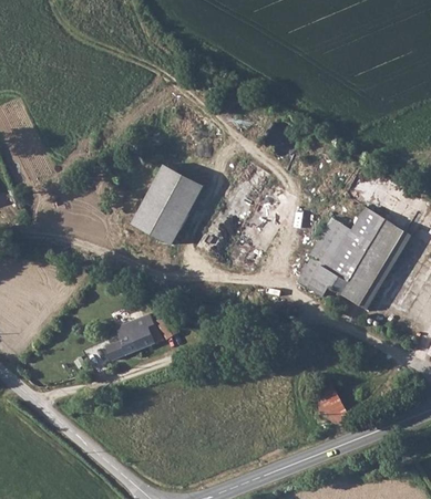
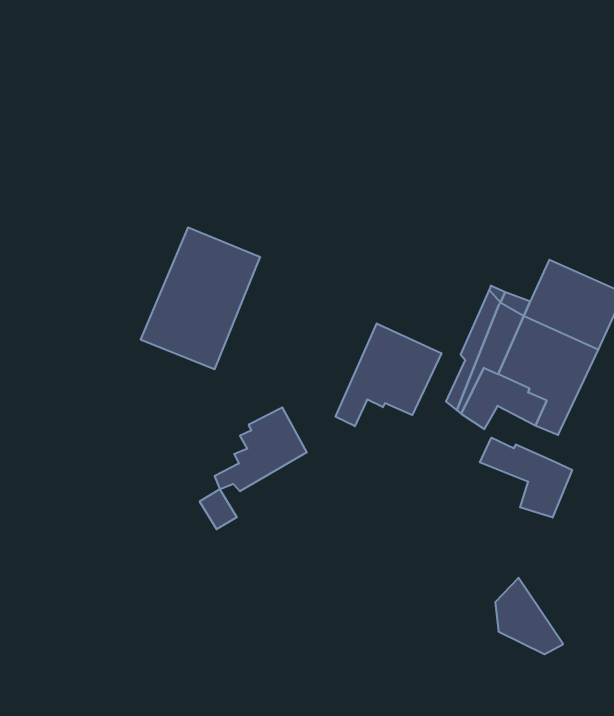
building: none -> [336,323,441,426]
building: none -> [480,438,572,518]
building: [105,313,158,357] -> [215,407,307,491]

